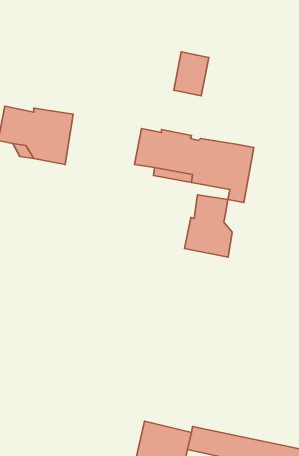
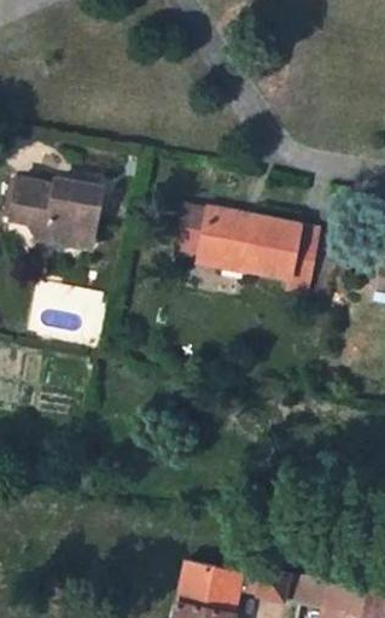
building: [174,52,209,96] -> none
building: [184,195,232,257] -> none

